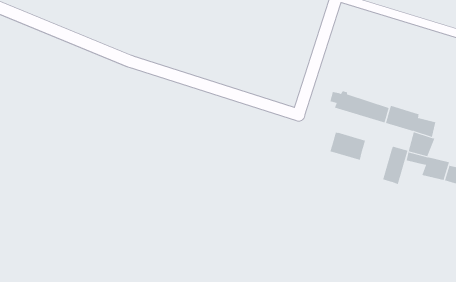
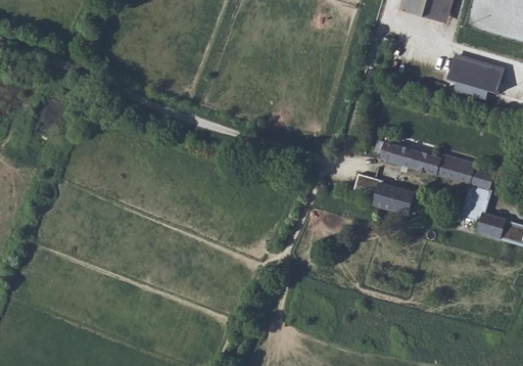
building: none -> [447,56,504,100]
building: none -> [354,175,384,198]
building: [382,146,408,185] -> none

